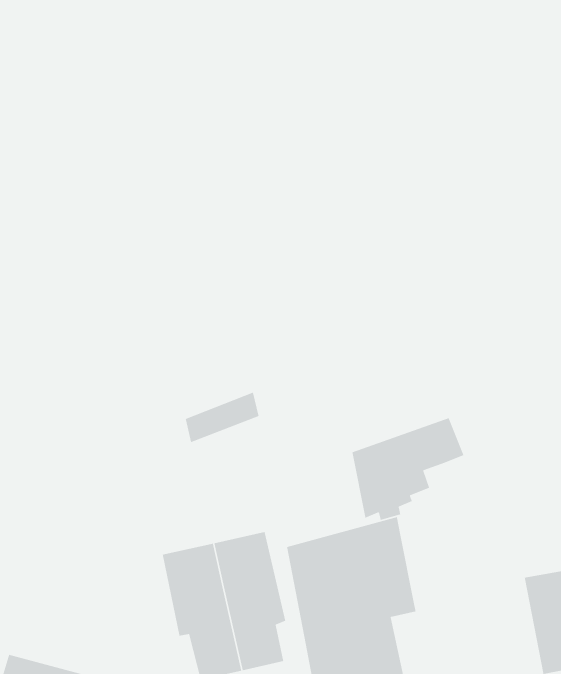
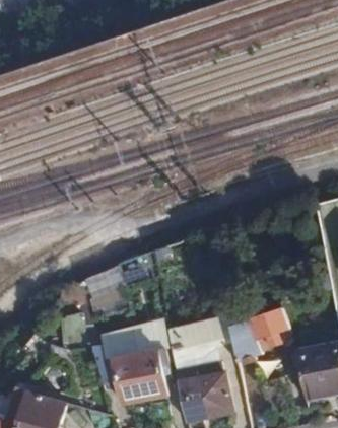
building: [351,417,465,521] -> [229,307,289,362]

